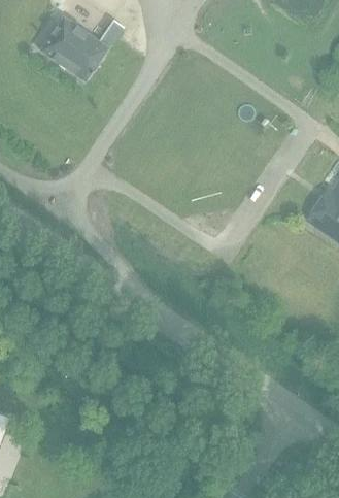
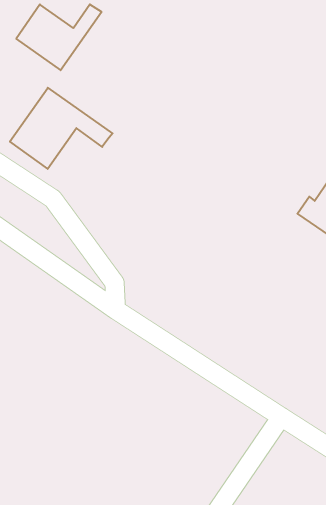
building: none -> [10,88,113,169]

